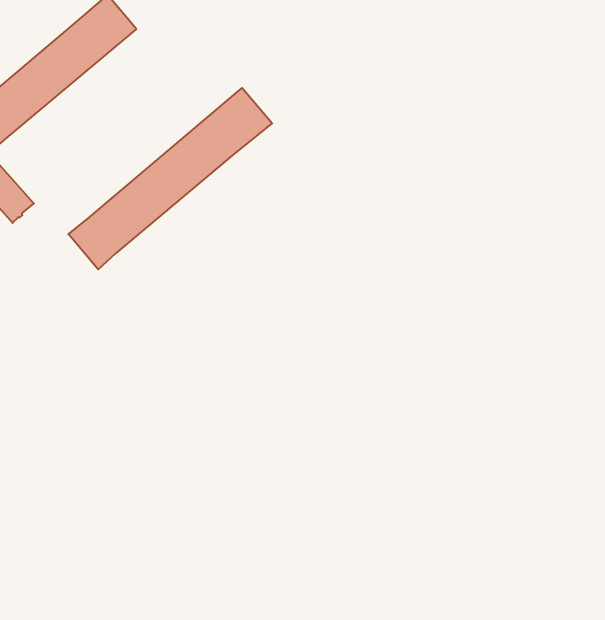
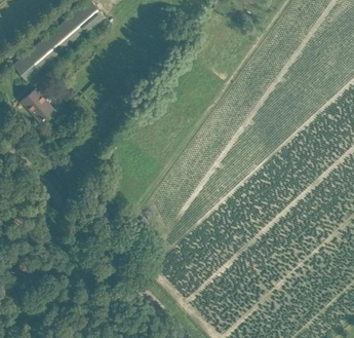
building: [68,88,272,269] -> none

